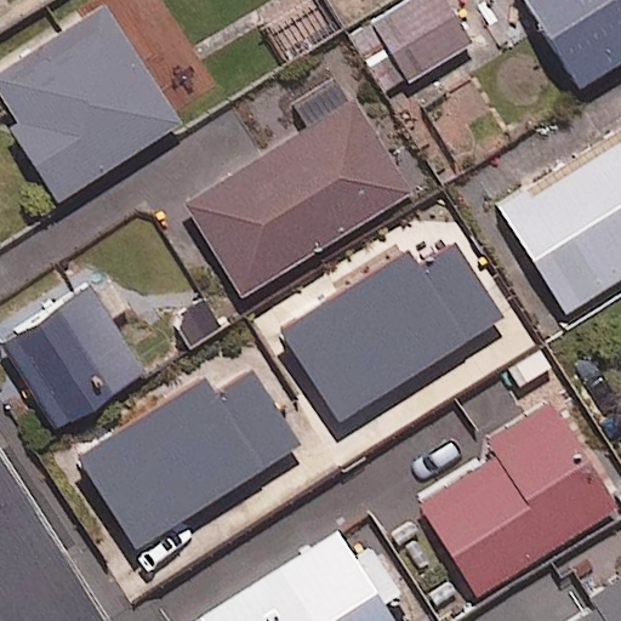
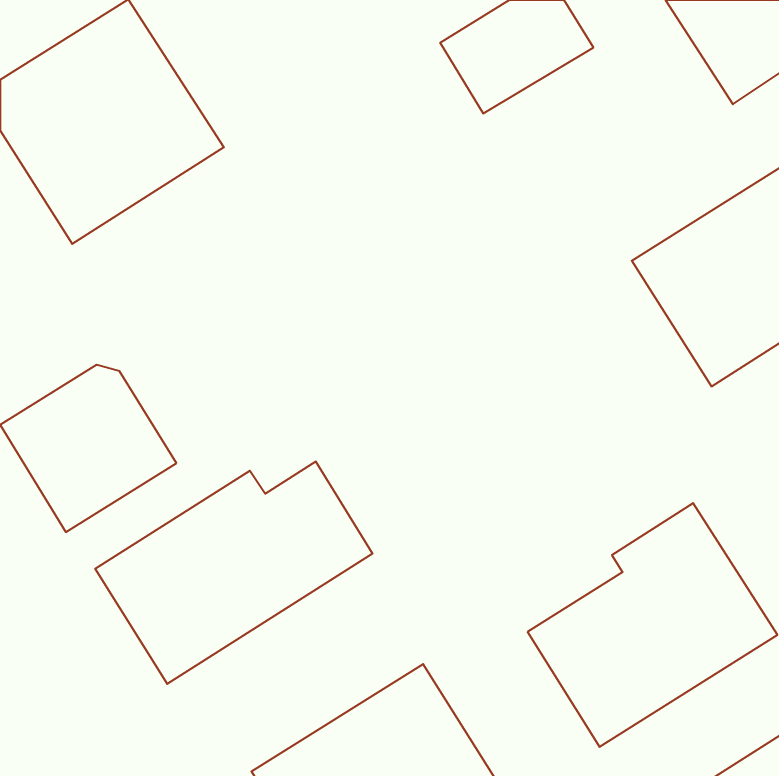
building: [187,101,412,296] -> none
building: [281,243,505,420] -> none

